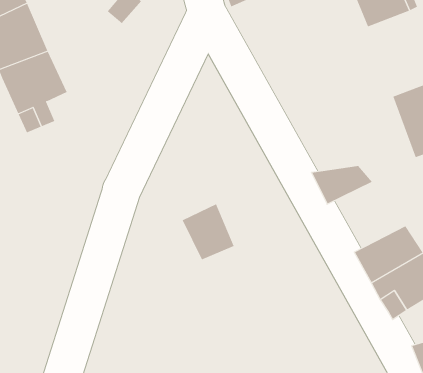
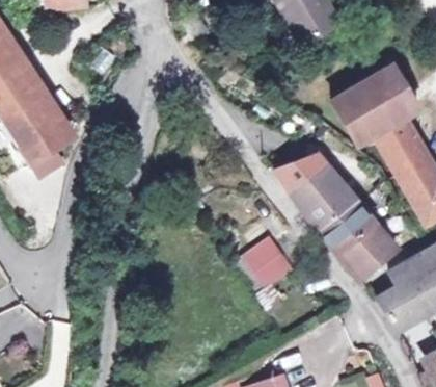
building: none -> [293,171,359,230]
building: [182,204,234,260] -> [245,237,291,285]

